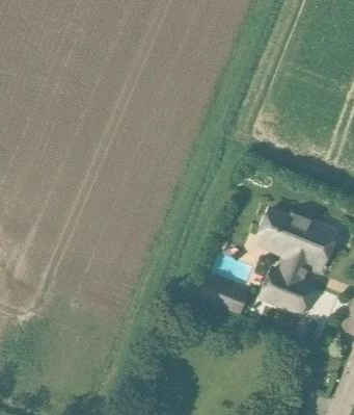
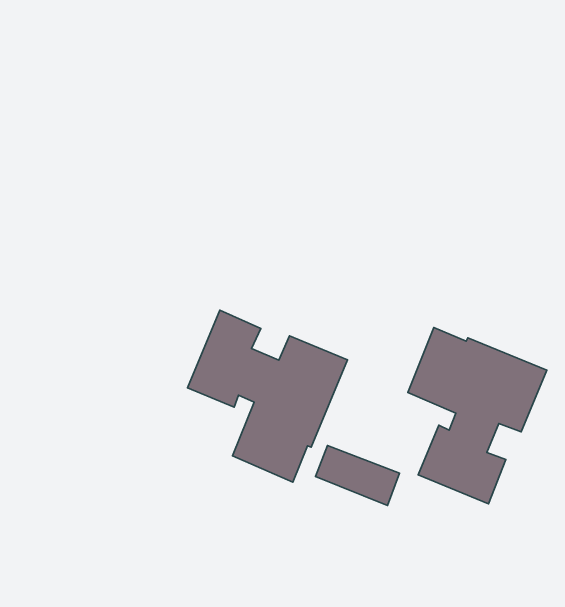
building: none -> [188,310,347,482]

